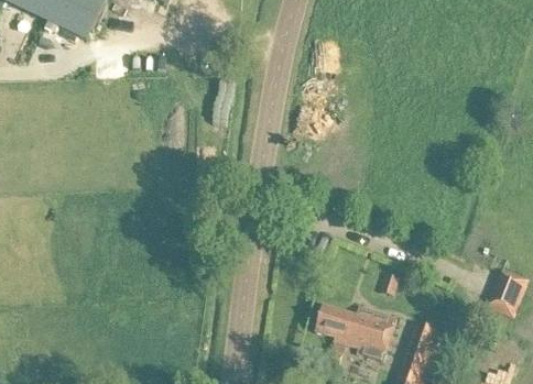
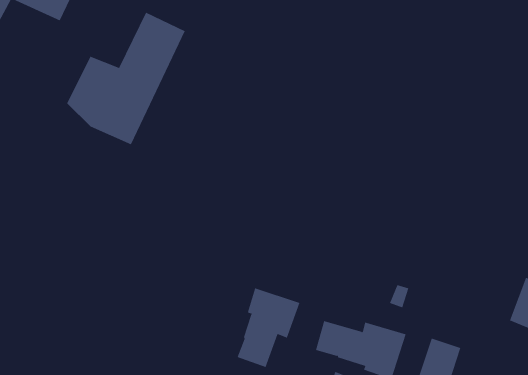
building: none -> [66,12,186,145]
building: none -> [237,288,300,368]

